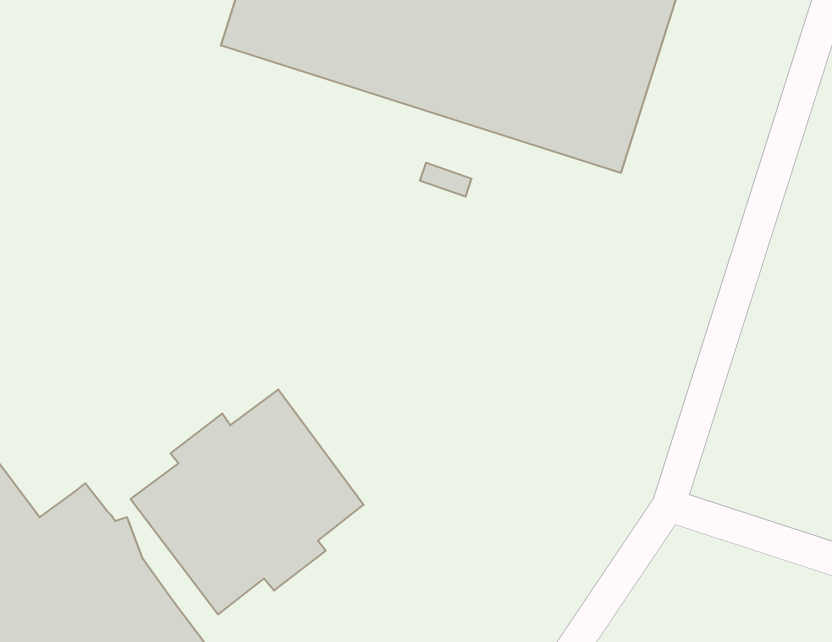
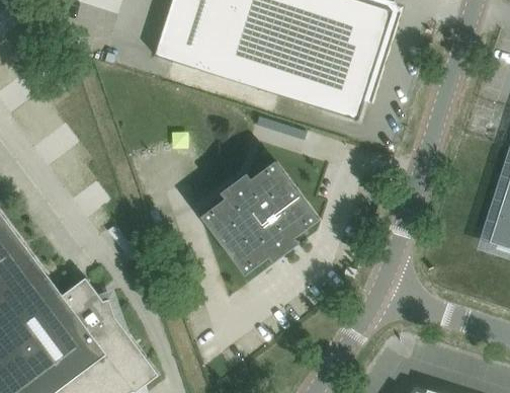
building: [131,389,364,614] -> [201,161,320,276]

